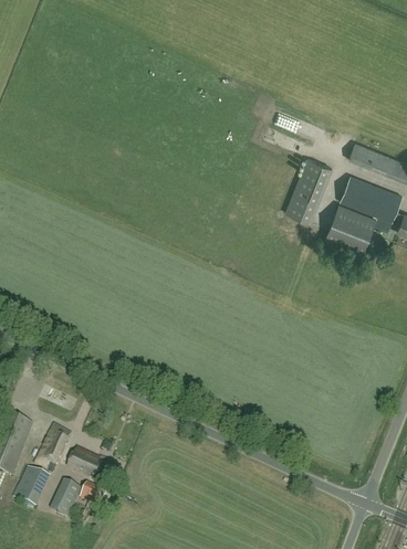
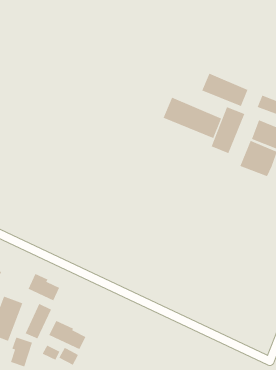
building: none -> [201,73,248,107]
building: none -> [163,97,222,139]
building: none -> [28,273,60,301]

